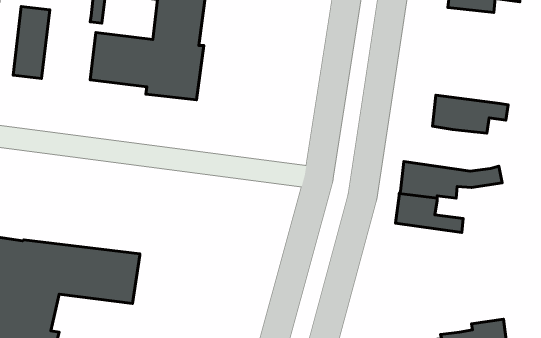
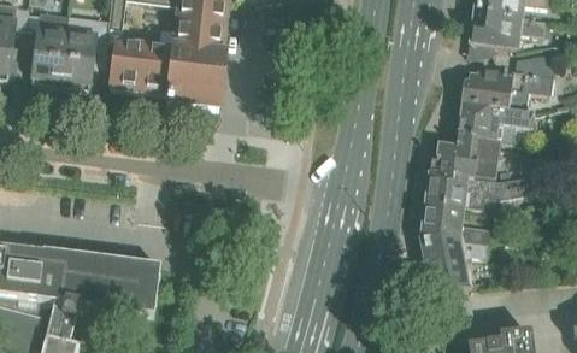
building: none -> [467,12,549,55]
building: none -> [60,14,111,88]
building: none -> [461,49,557,110]
building: none -> [429,133,517,178]
building: none -> [419,231,488,293]

